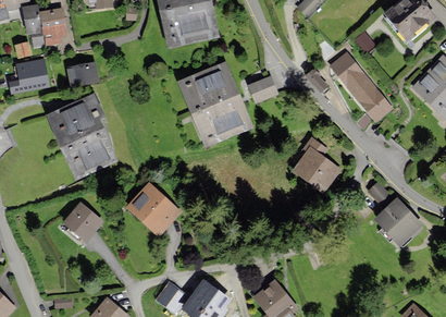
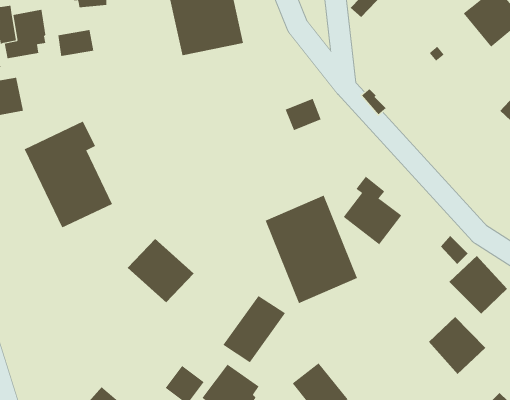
building: [331,52,391,120] -> none
building: [178,61,250,145] -> [265,195,358,304]
building: [67,63,96,84] -> [58,30,94,56]
building: [65,204,101,239] -> none
building: none -> [222,295,286,363]
building: none -> [428,316,486,375]

